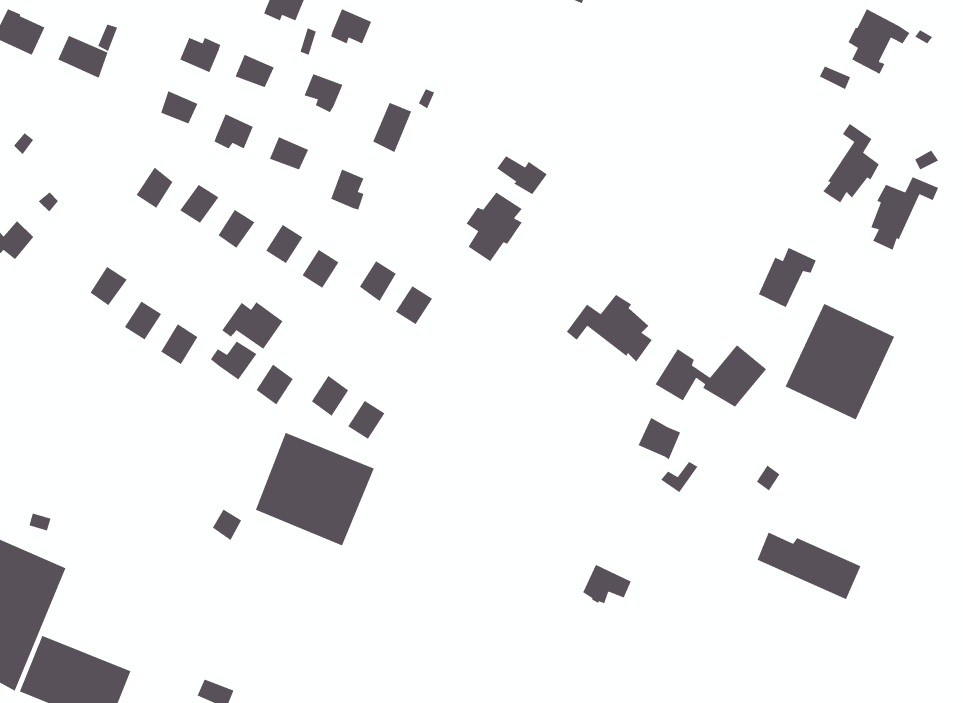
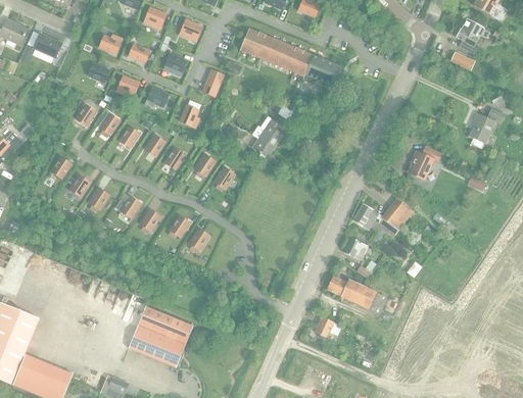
building: none -> [239,27,341,87]
building: [822,123,880,204] -> none
building: [566,294,653,363] -> none
building: [221,301,283,350] -> none
building: [785,303,895,420] -> none
building: [255,432,375,546] -> [128,305,192,366]
building: [757,531,862,600] -> [326,276,382,312]

